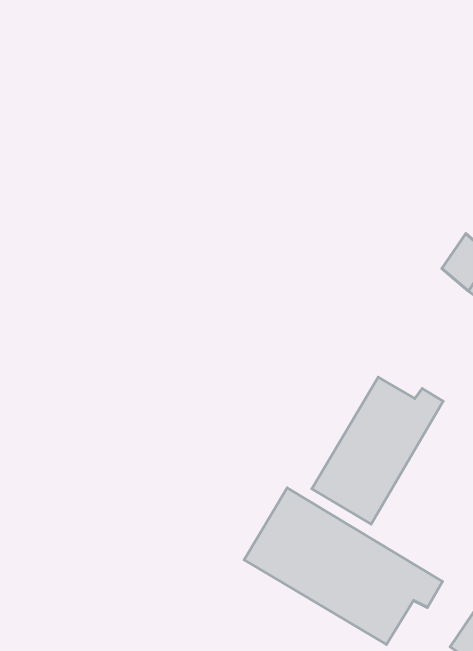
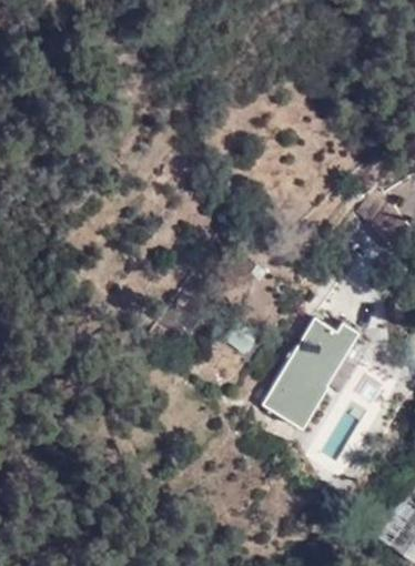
building: [244,488,443,644] -> none

